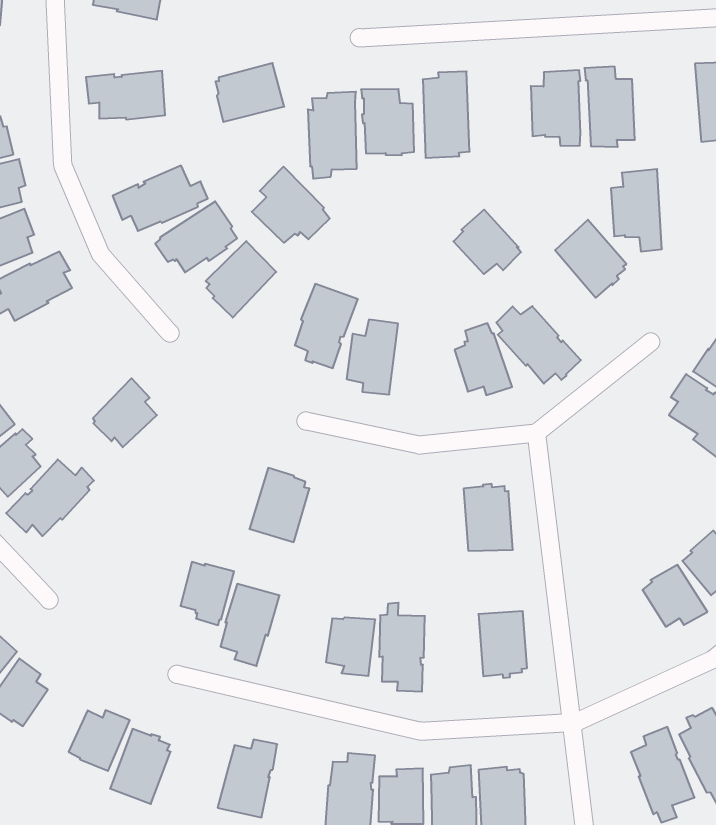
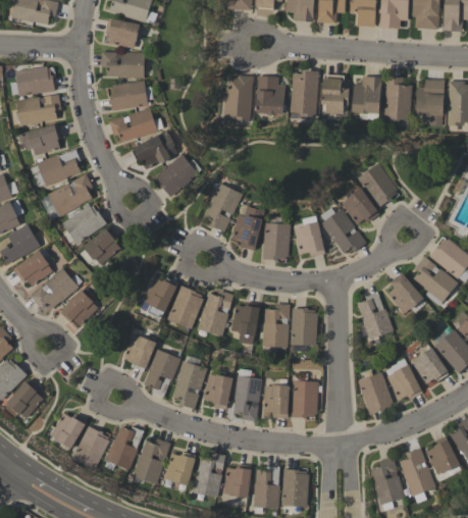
building: none -> [105,18,141,49]
building: [215,63,284,122] -> [110,81,148,111]
building: none -> [322,74,351,114]
building: [252,167,330,243] -> none
building: [611,169,662,251] -> [416,80,445,125]
building: [453,210,521,274] -> [342,188,379,224]
building: none -> [48,174,93,217]
building: none -> [262,223,291,261]
building: none -> [62,205,107,244]
building: none -> [386,272,424,314]
building: none -> [357,293,394,341]
building: none -> [143,277,177,319]
building: none -> [198,292,233,336]
building: none -> [262,304,290,348]
building: none -> [231,302,261,345]
building: none -> [60,288,98,326]
building: none -> [358,372,393,415]
building: none -> [172,362,207,409]
building: none -> [263,385,290,418]
building: none -> [106,426,144,470]
building: none -> [164,453,196,486]

